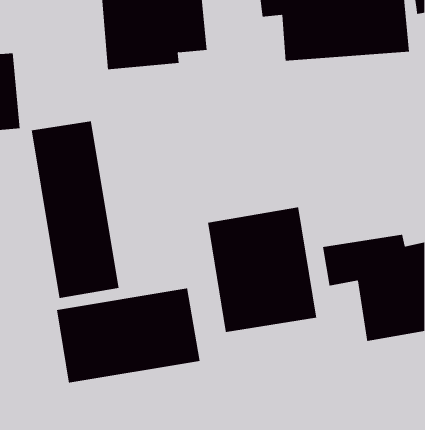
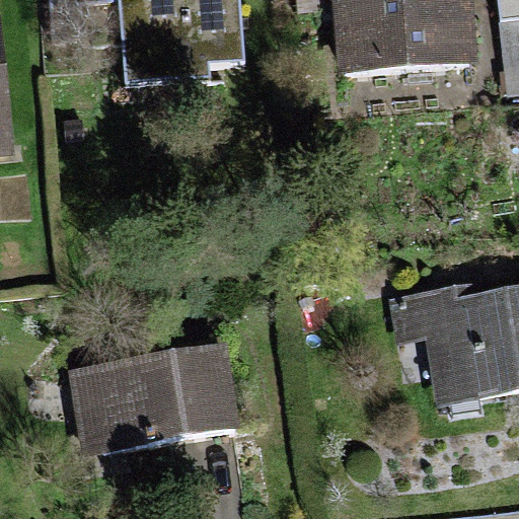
building: [31,121,119,299] -> none
building: [207,207,317,333] -> none

